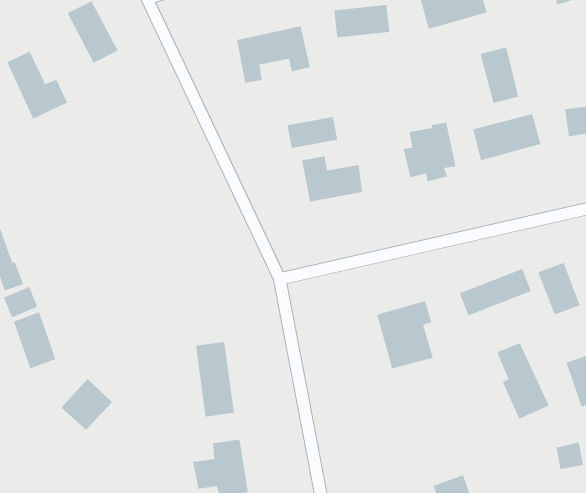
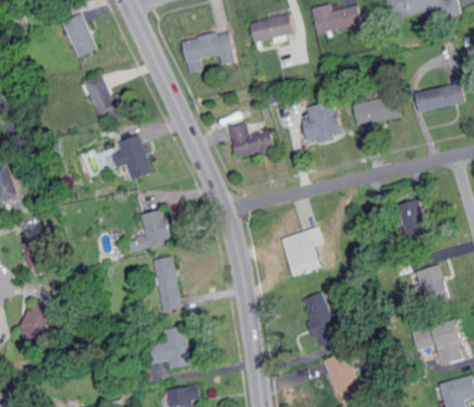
building: [480,47,519,104] -> none
building: [6,51,68,120] -> [81,72,126,121]
building: [286,116,338,149] -> none
building: none -> [100,134,151,180]
building: [459,268,532,316] -> none
building: none -> [127,210,170,252]
building: [496,342,550,420] -> [301,293,339,348]
building: [61,378,113,431] -> [19,304,57,341]

